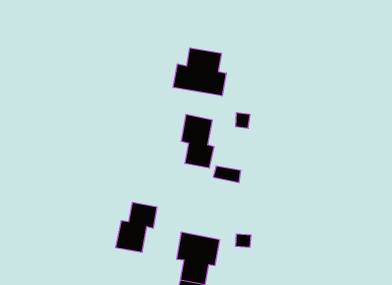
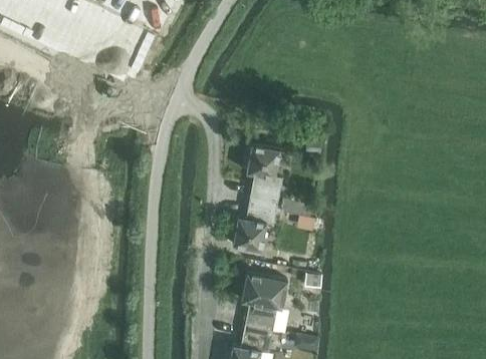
building: [173,48,226,96] -> none
building: [116,202,157,252] -> [233,196,278,250]

